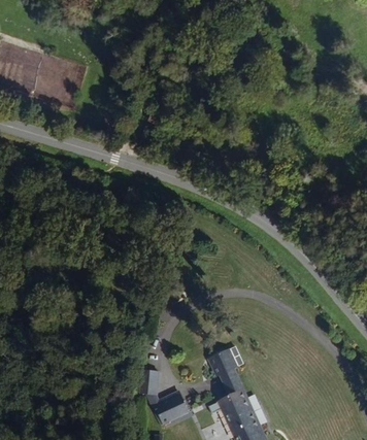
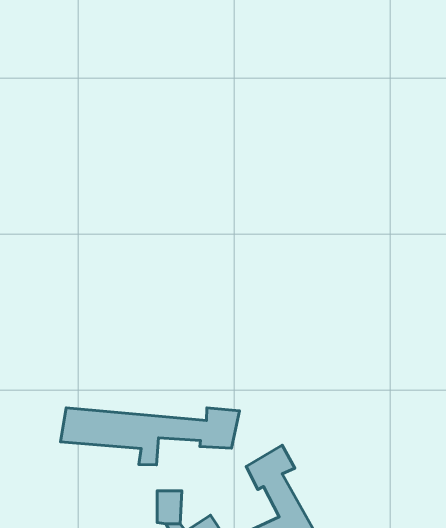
building: none -> [60,408,239,465]

